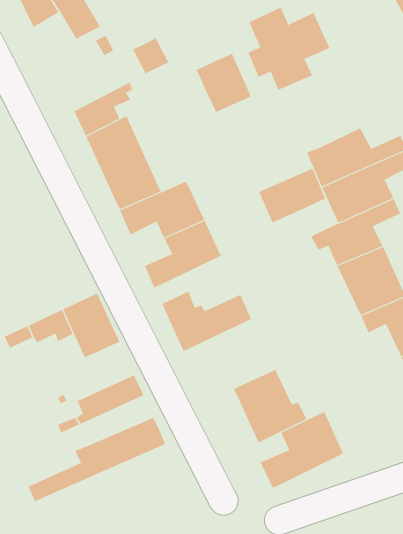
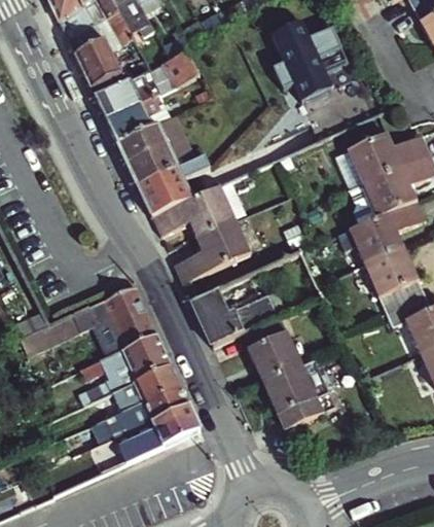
building: none -> [72,23,125,86]
building: [196,53,252,113] -> none
building: none -> [99,75,164,116]
building: [258,168,326,223] -> none
building: none -> [240,313,301,379]
building: none -> [75,335,168,389]
building: none -> [123,385,186,431]
building: [260,411,344,489] -> none

